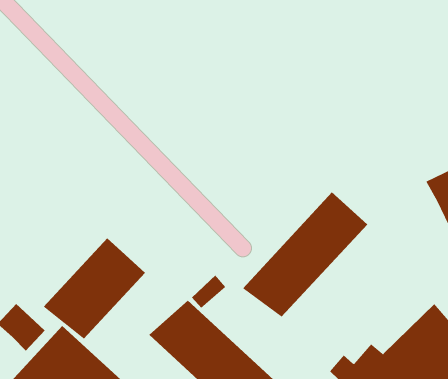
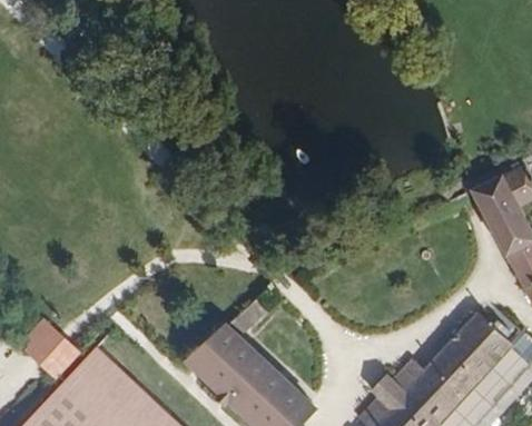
building: [242,191,368,318] -> none
building: [43,237,146,339] -> none

